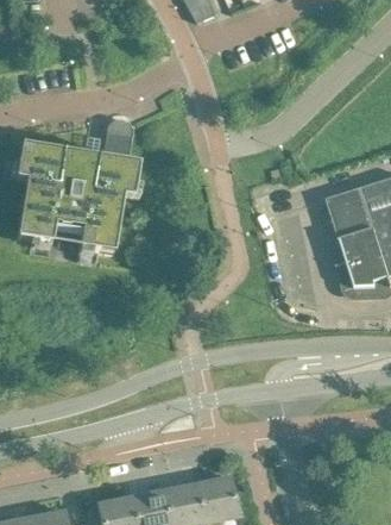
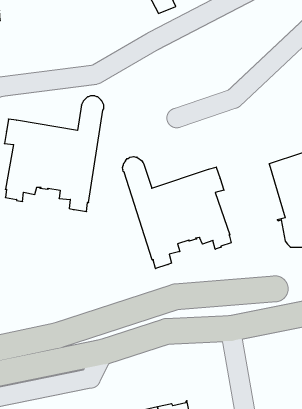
building: none -> [123,157,231,269]

